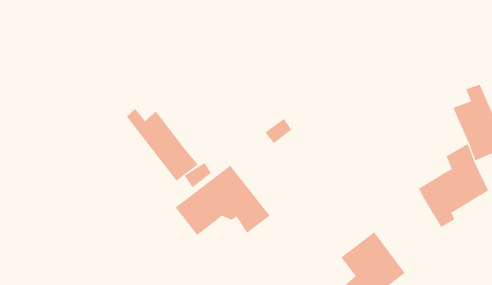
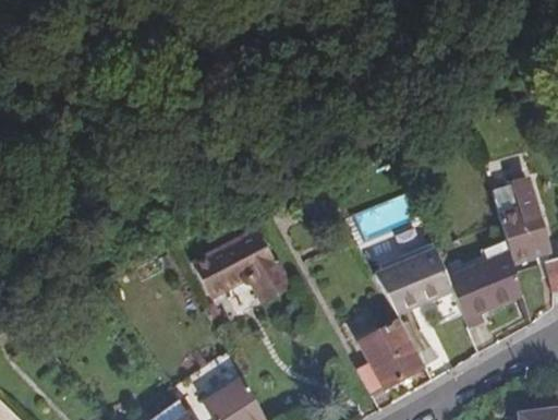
building: [126,108,198,182] -> none
building: none -> [374,250,454,314]

